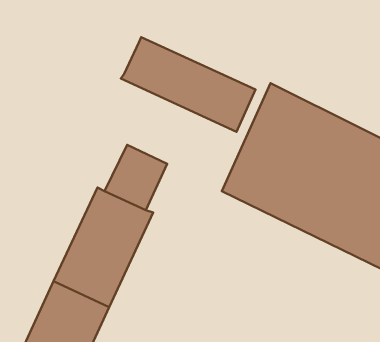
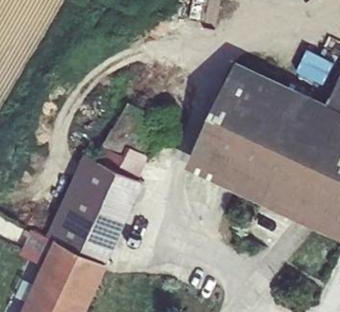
building: [121,37,256,132] -> none

